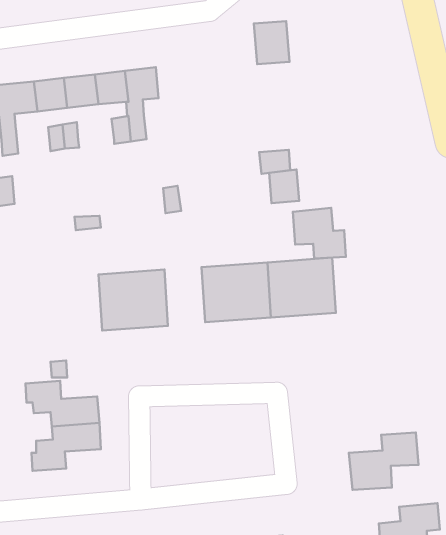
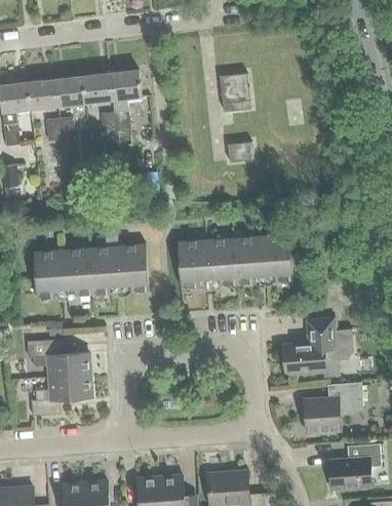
building: [254,21,290,64] -> [219,73,249,110]
building: [269,169,299,203] -> none
building: [293,208,346,259] -> none
building: none -> [33,247,91,299]
building: none -> [282,317,351,377]

